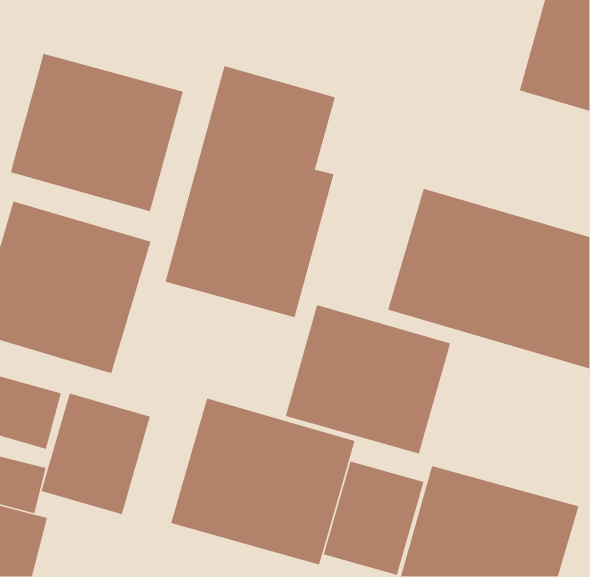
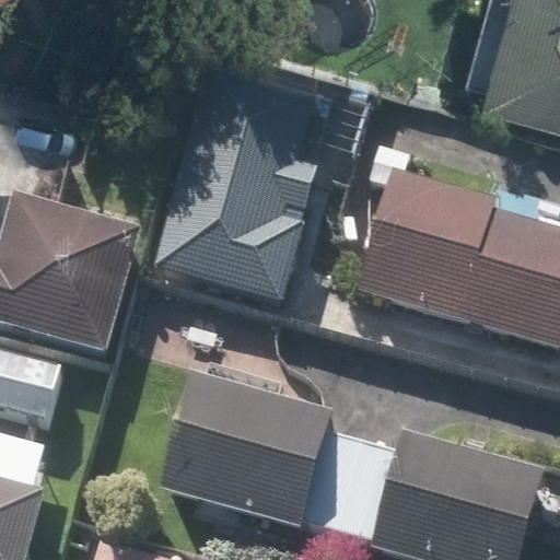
building: [10,53,184,212] -> none
building: [285,304,451,454] -> none
building: [41,393,151,515] -> none

